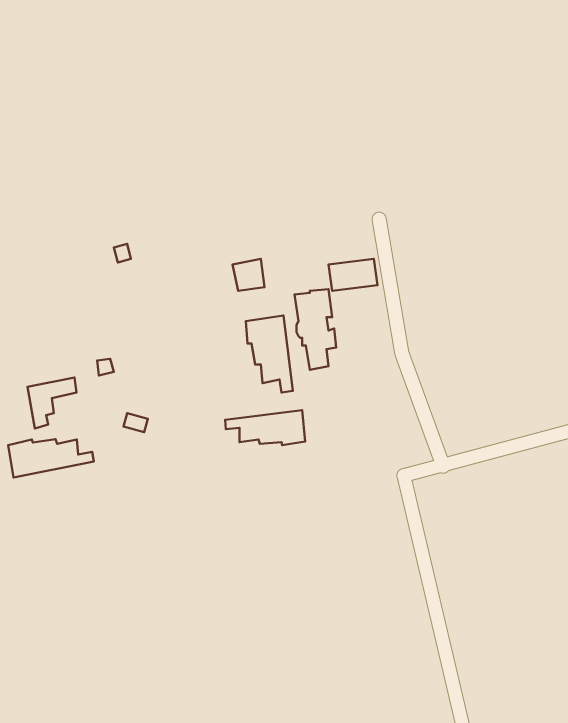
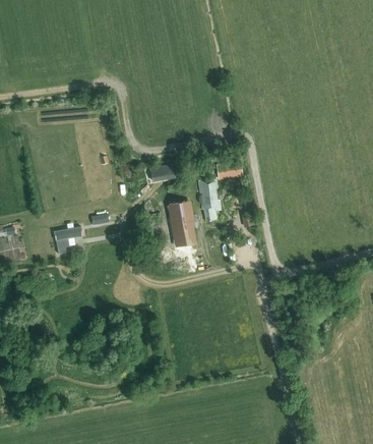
building: [225,410,305,445] -> none
building: [8,439,94,478] -> none

